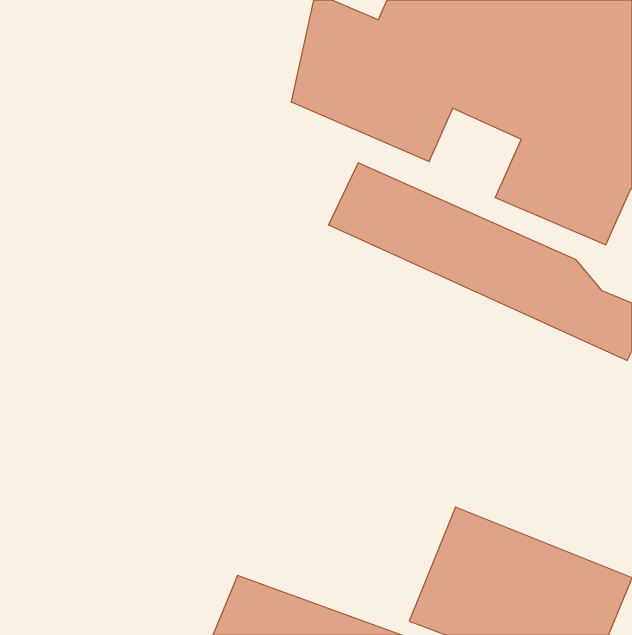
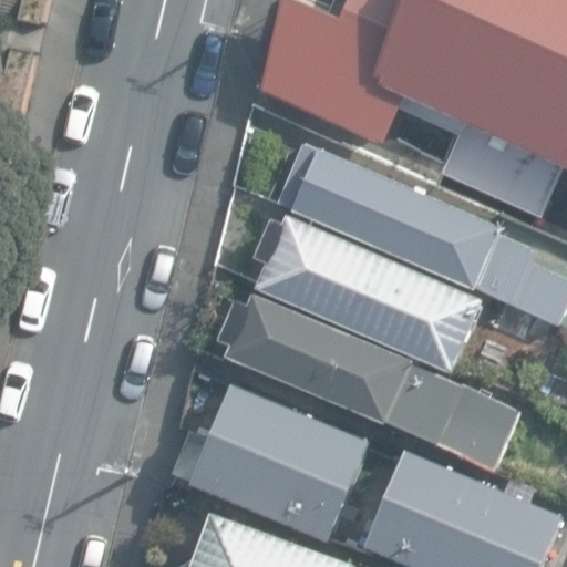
building: none -> [269,214,482,373]
building: none -> [233,296,520,471]
building: none -> [186,383,369,542]

